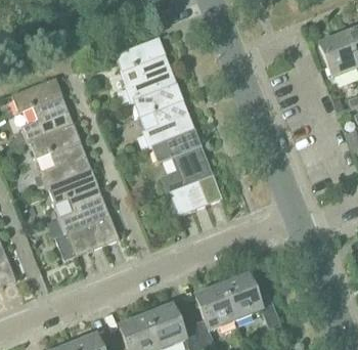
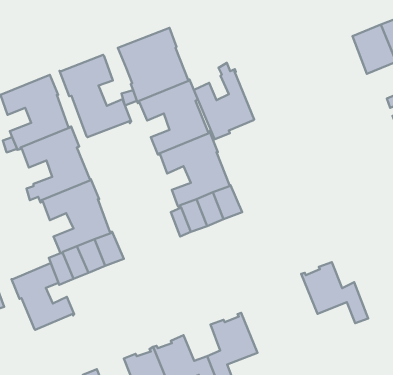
building: none -> [60,55,131,137]
building: none -> [194,63,254,140]
building: none -> [11,263,74,330]
building: [222,274,280,327] -> [301,262,368,323]

